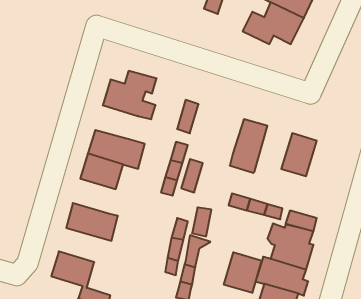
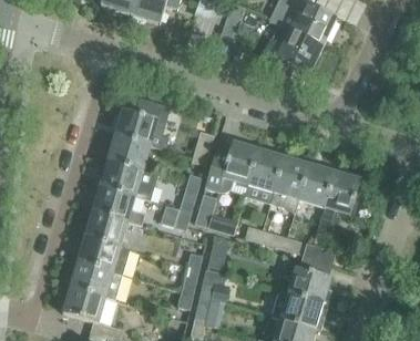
building: none -> [107,135,152,170]
building: none -> [206,142,260,193]
building: none -> [272,156,310,213]
building: none -> [325,172,361,216]
building: none -> [84,210,129,247]
building: none -> [70,261,124,300]
building: [224,252,262,293] -> none

